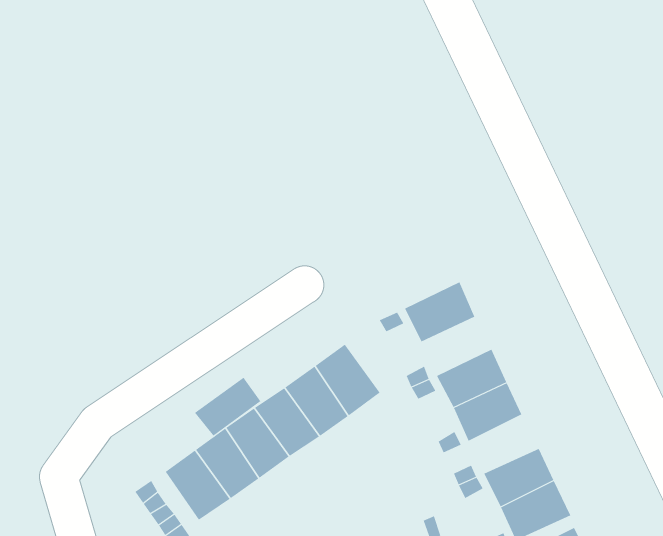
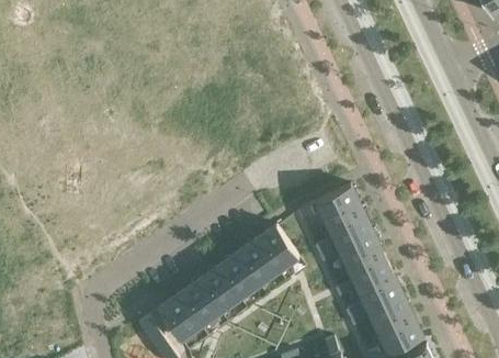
building: none -> [325,209,371,247]
building: [194,377,261,437] -> none
building: none -> [355,272,401,311]

